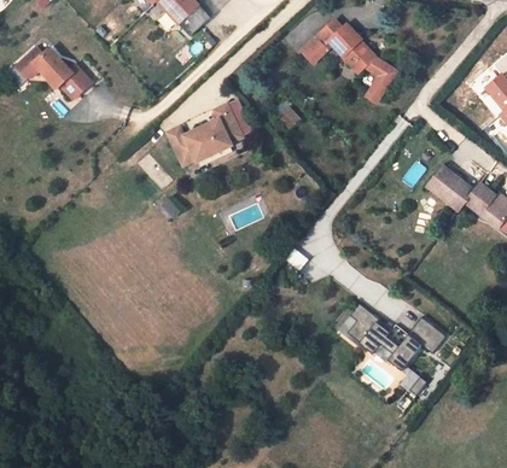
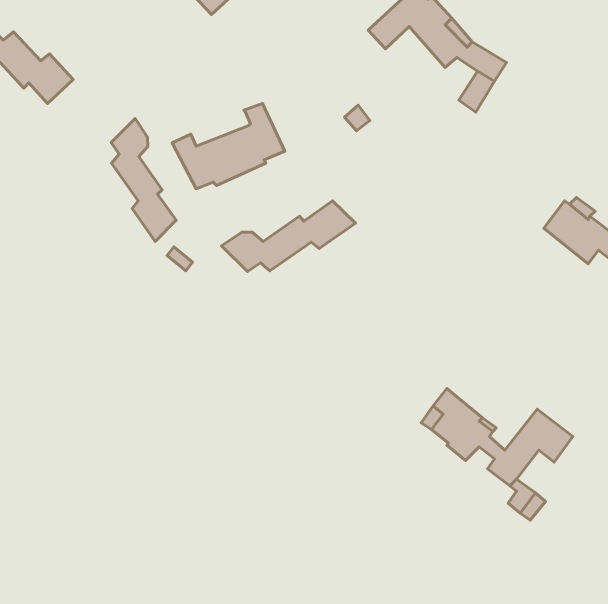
building: none -> [111,118,176,242]
building: none -> [222,201,356,271]

